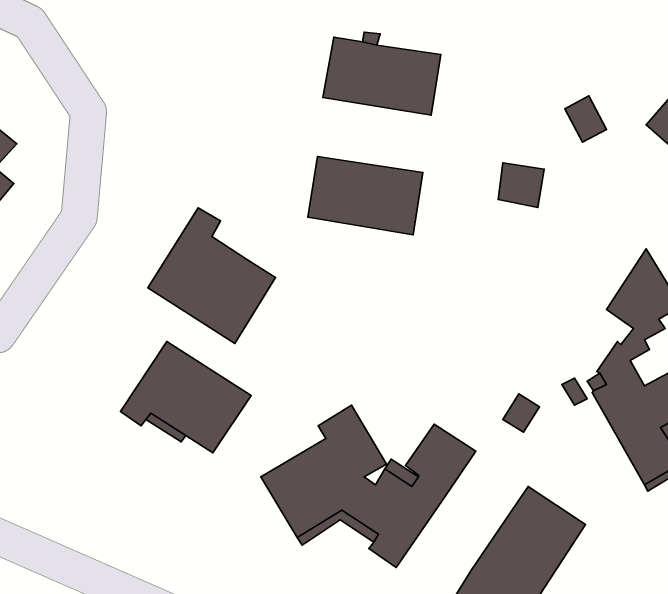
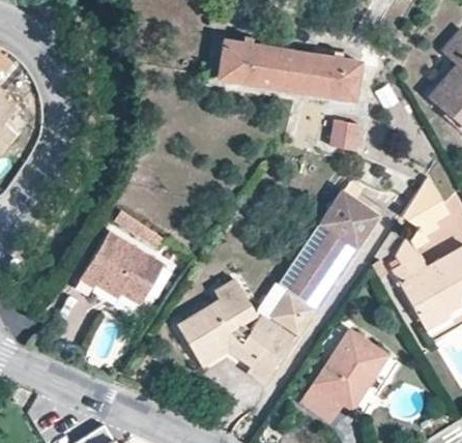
building: [308,157,423,235] -> [287,50,362,100]
building: [148,208,276,343] -> none
building: none -> [278,189,382,307]

